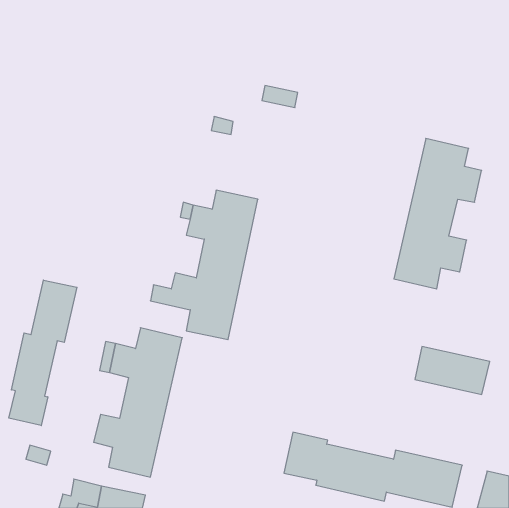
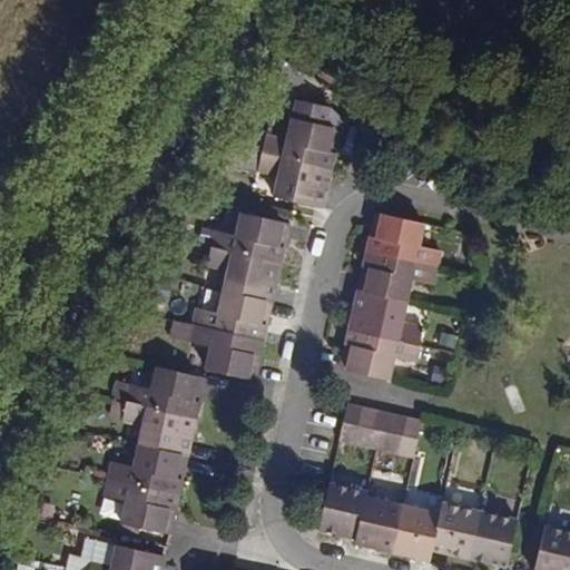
building: none -> [257,117,338,205]
building: [394,138,482,289] -> [341,213,439,381]
building: [9,280,77,426] -> none
building: [415,347,490,394] -> [338,403,422,456]

